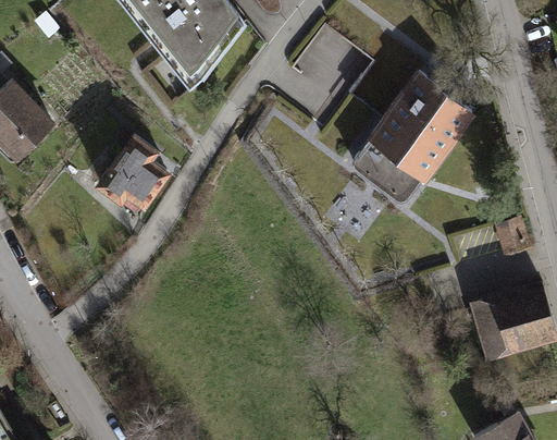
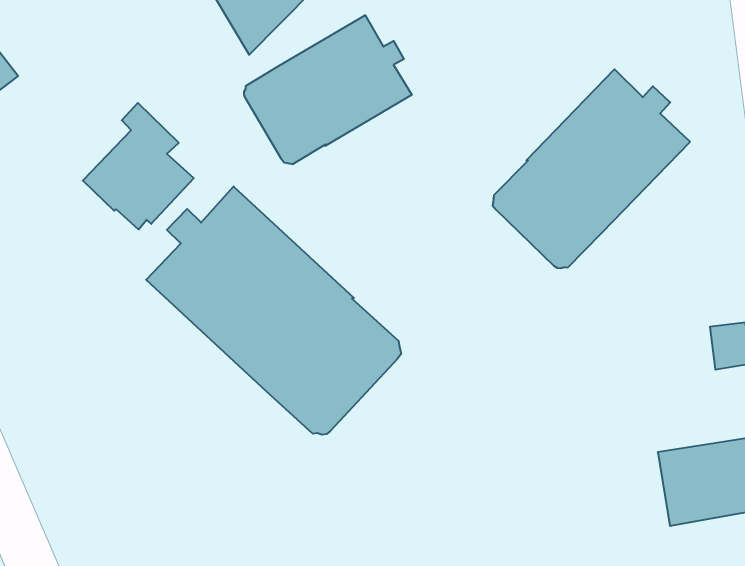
building: none -> [244,15,412,164]
building: none -> [146,186,401,435]

